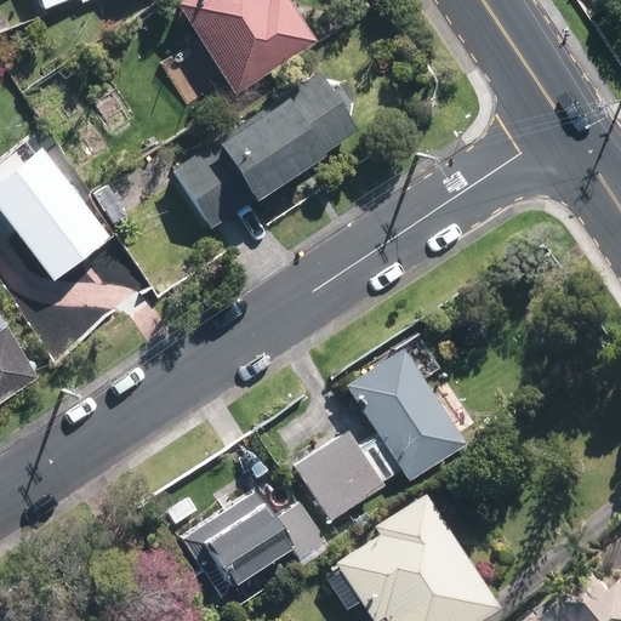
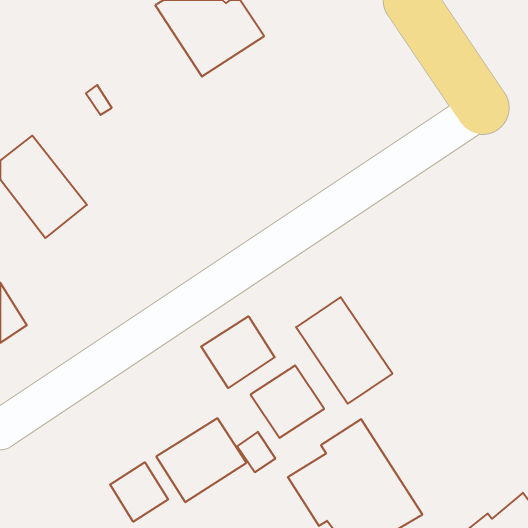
building: [187,85,353,223] -> none
building: none -> [201,316,275,388]
building: none -> [110,462,168,522]

